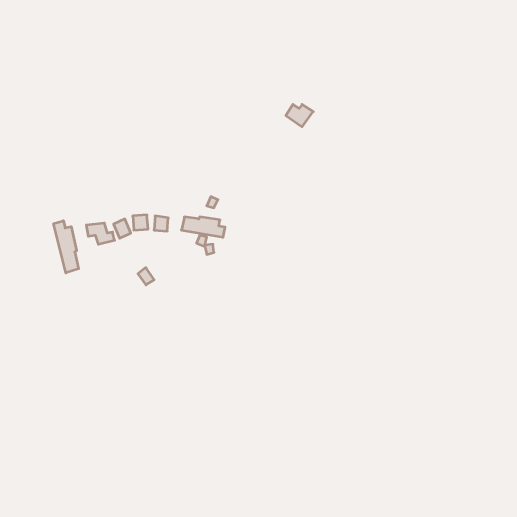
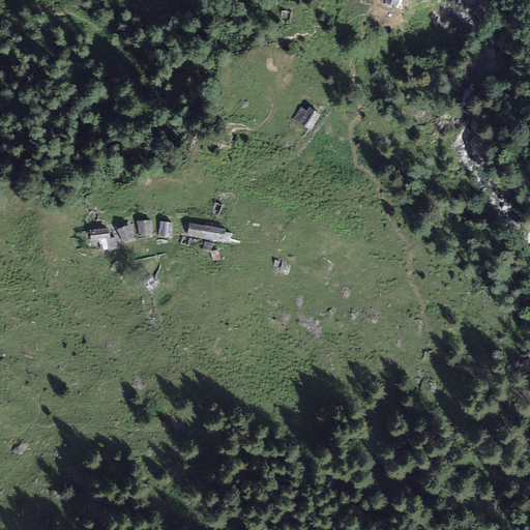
building: [54,221,79,273] -> none

